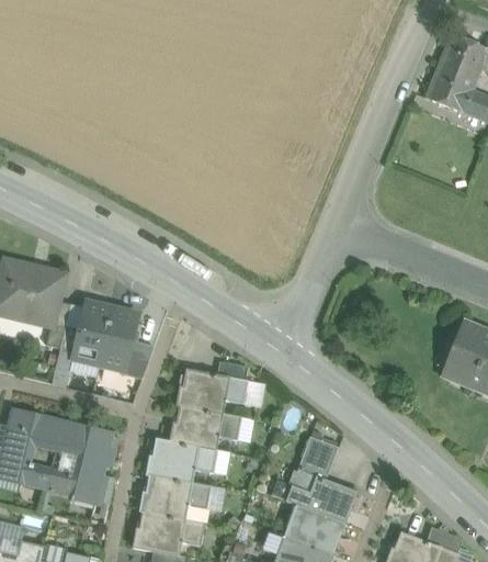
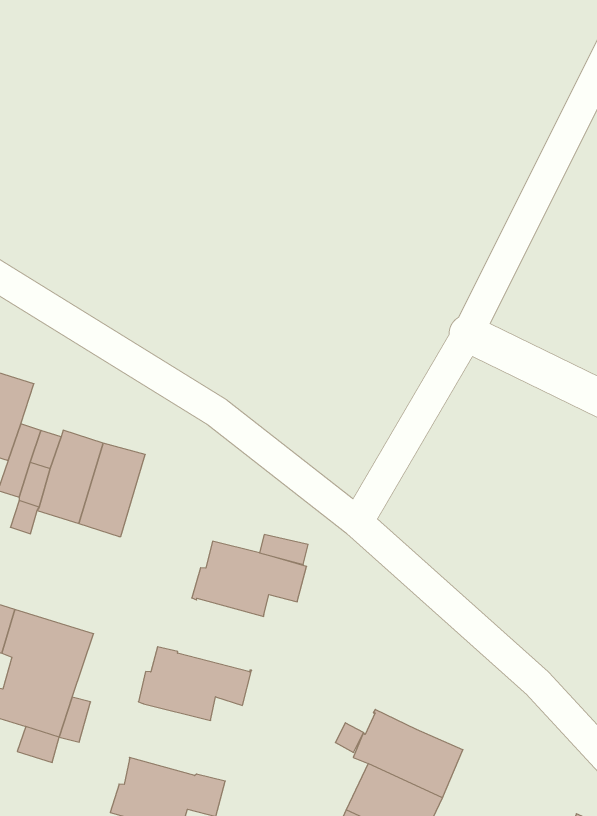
building: [125,339,154,379] -> none
building: [169,405,240,450] -> none
building: [298,436,338,480] -> none
building: [139,475,211,521] -> none

